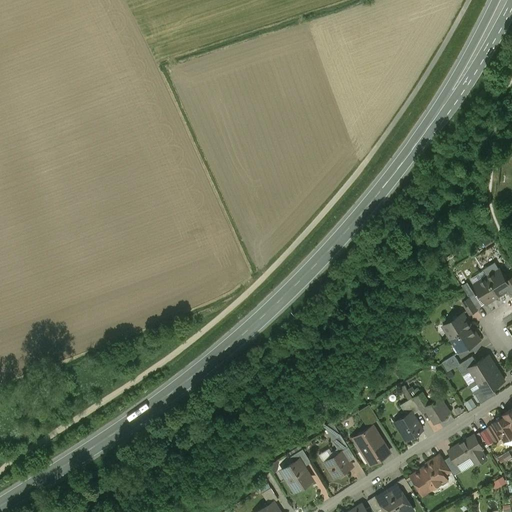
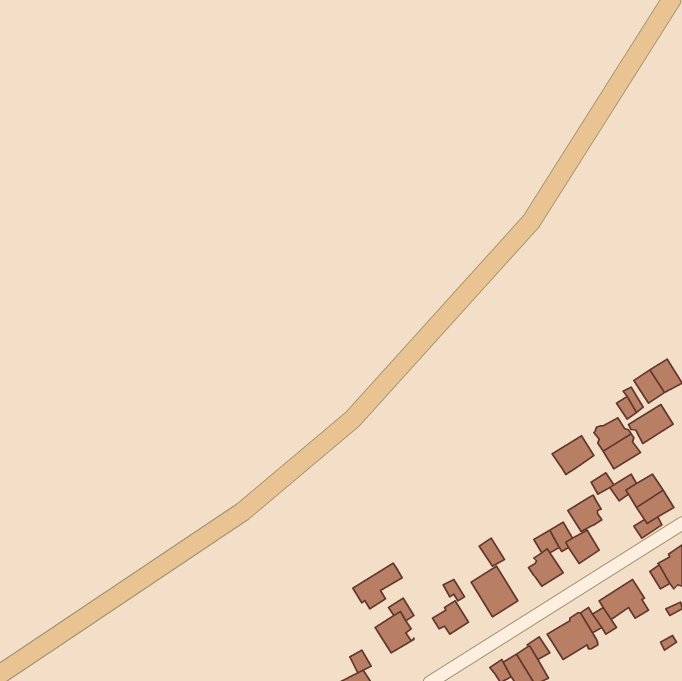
building: none -> [628,405,673,444]
building: none -> [552,436,594,475]
building: none -> [568,495,602,531]
building: none -> [353,563,402,609]

